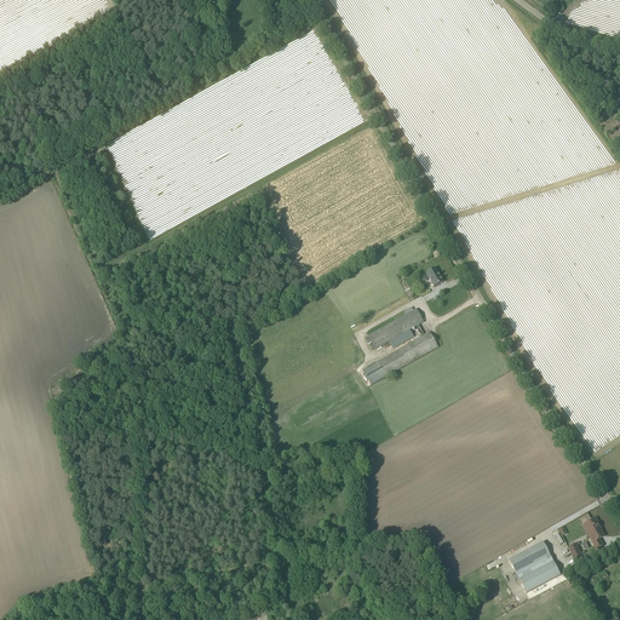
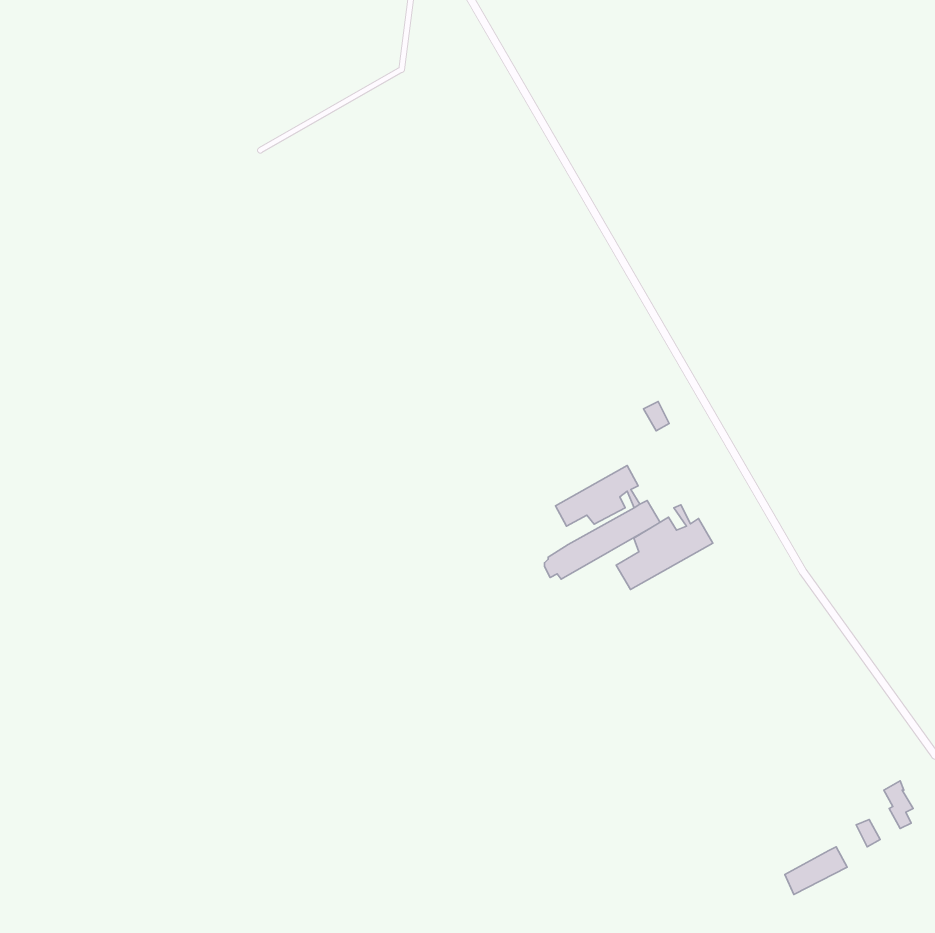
building: none -> [616,505,713,590]
building: [507,540,549,578] -> none

